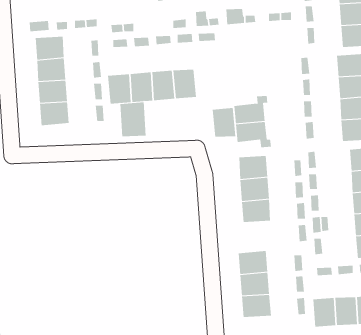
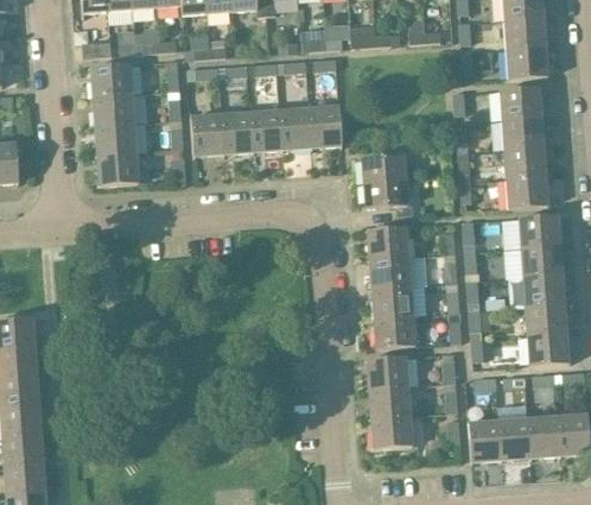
building: [120,101,146,137] -> none
building: [212,108,236,137] -> [307,106,341,146]
building: none -> [374,315,414,348]

